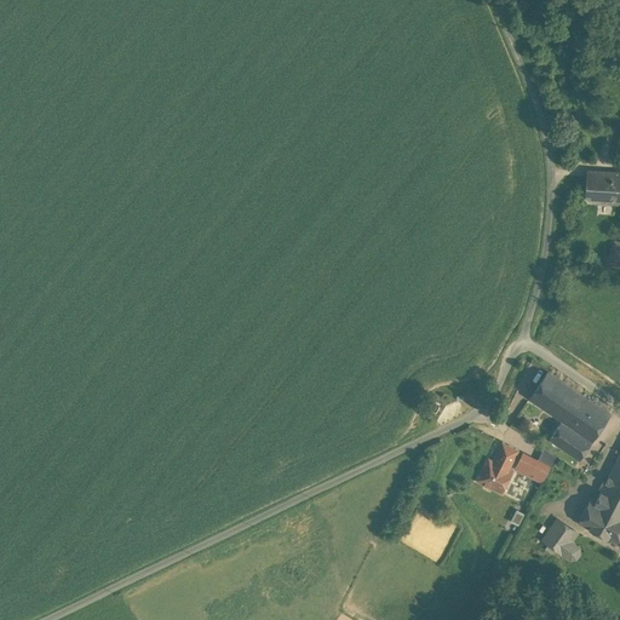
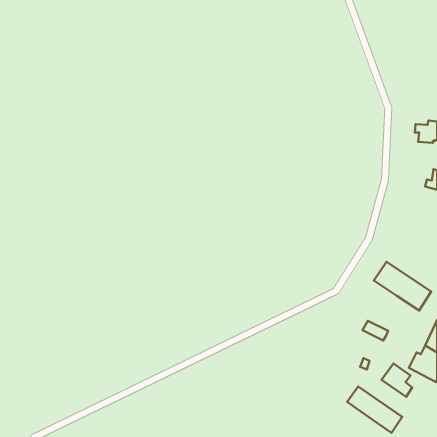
building: [550,419,593,459] -> none
building: [477,444,522,493] -> none
building: none -> [347,387,402,433]

